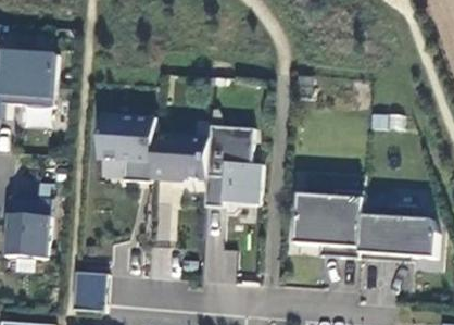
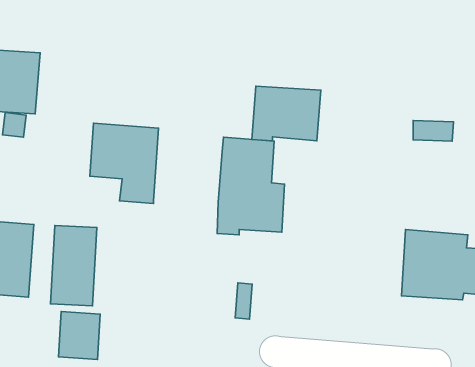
building: [151,134,209,179] -> [252,86,321,141]
building: [293,189,362,258] -> none
building: none -> [50,225,97,306]

